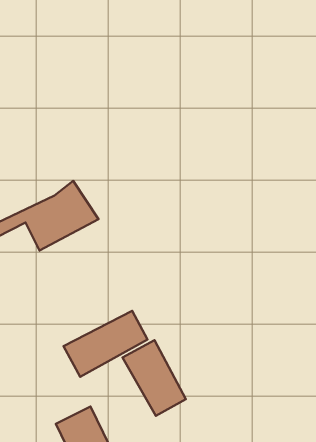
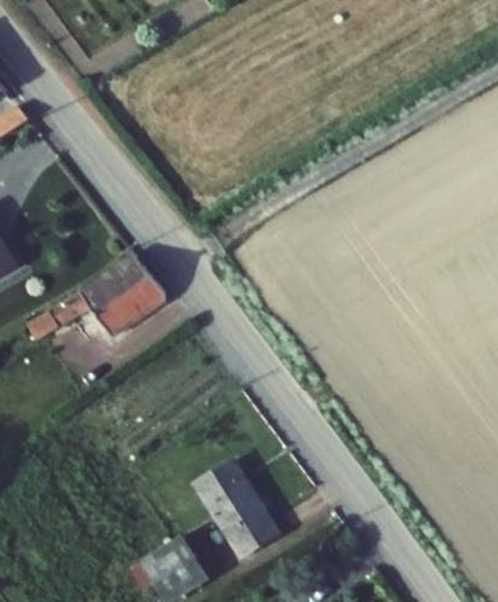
building: [64,311,148,377] -> none

